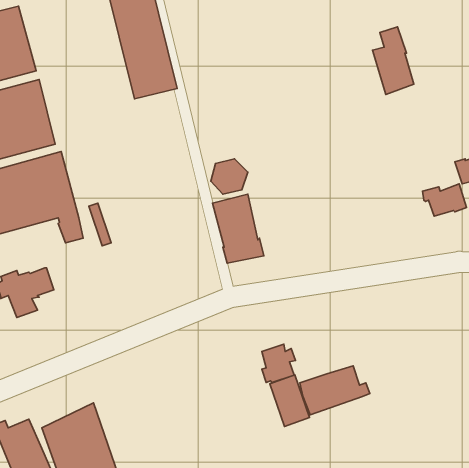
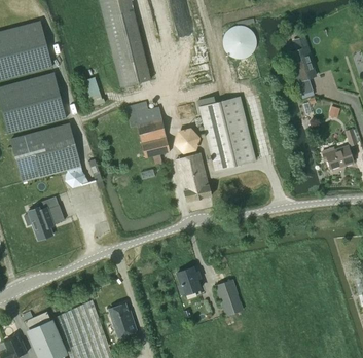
building: none -> [224,28,256,60]
building: none -> [196,97,254,170]
building: none -> [124,102,169,164]
building: [262,344,295,382] -> [177,267,201,294]
building: [300,366,370,415] -> none
building: none -> [108,303,136,337]

